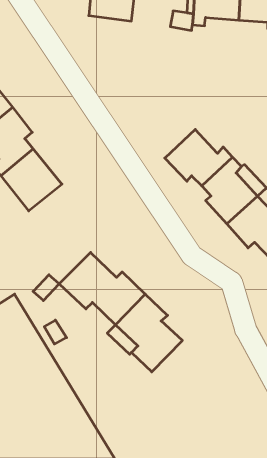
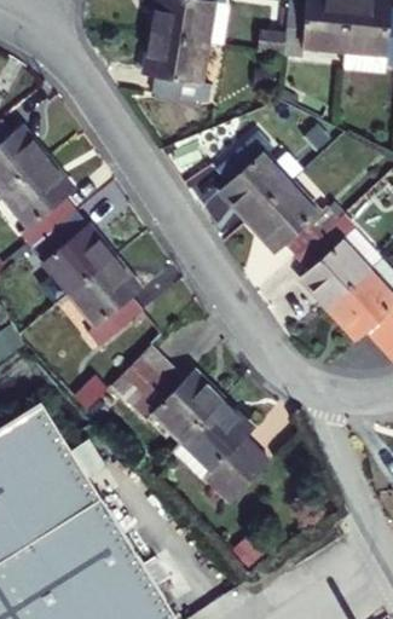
building: none -> [139,37,204,103]
building: none -> [213,135,285,224]
building: none -> [68,258,138,345]

